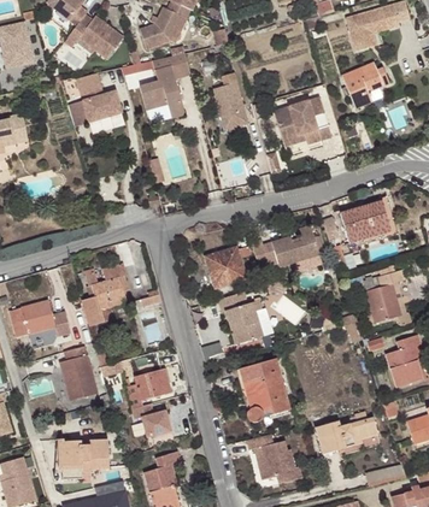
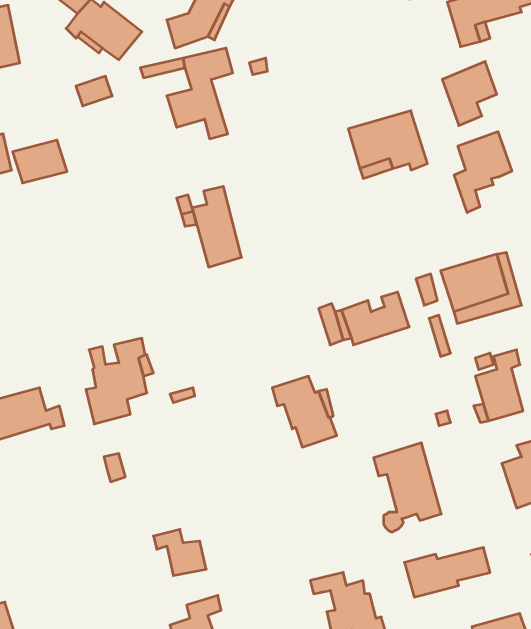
building: [211,72,247,131] -> [192,186,242,267]
building: [82,93,122,124] -> [13,140,67,183]
building: none -> [454,132,512,213]
building: [205,247,251,288] -> none
building: [59,347,98,402] -> none
building: [240,358,289,423] -> [374,443,441,532]
building: [125,369,171,408] -> none
building: [61,440,110,470] -> none

